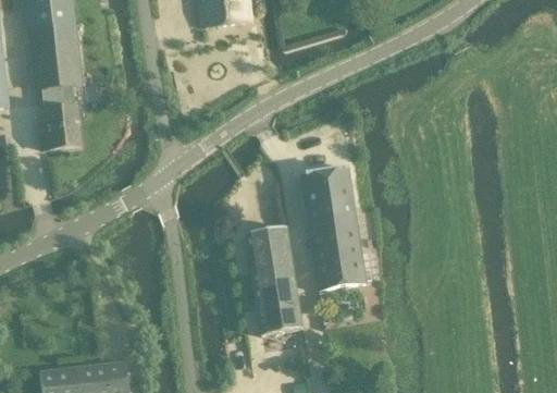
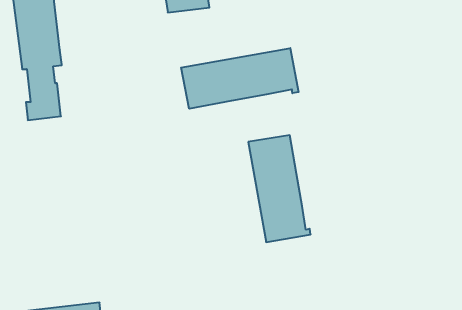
building: none -> [181,48,299,109]
building: [246,225,304,332] -> none

